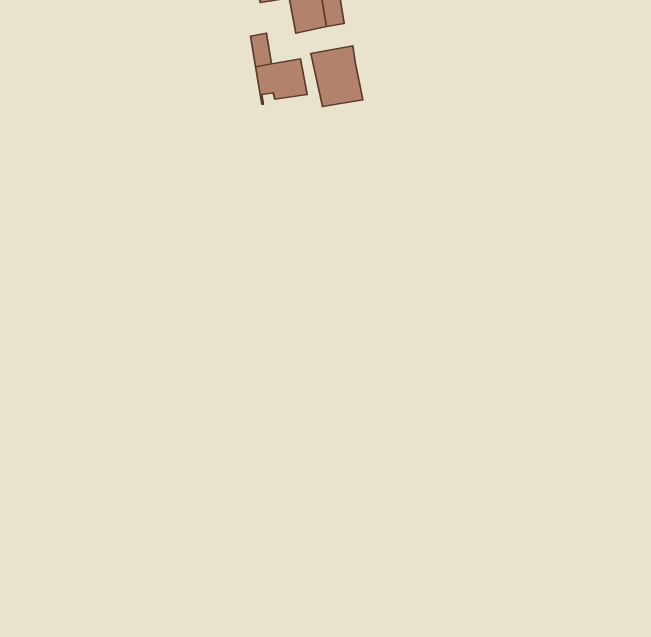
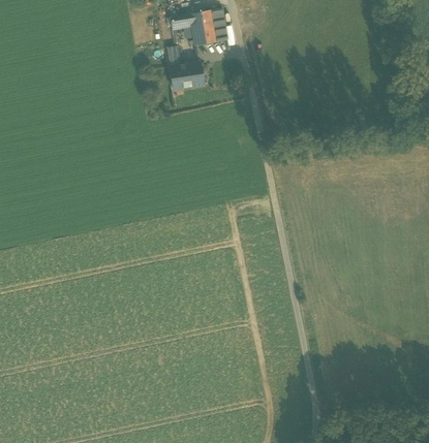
building: [311,46,363,107] -> none

